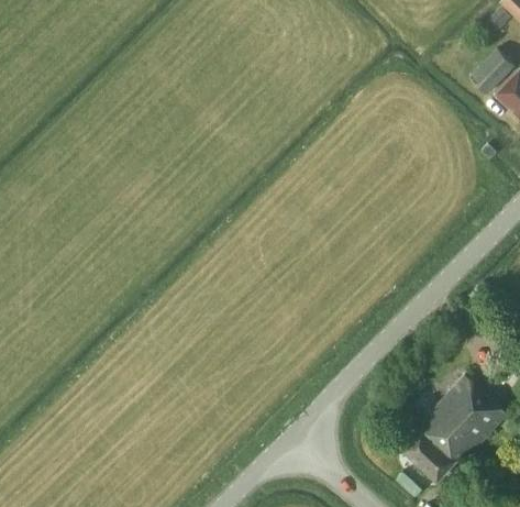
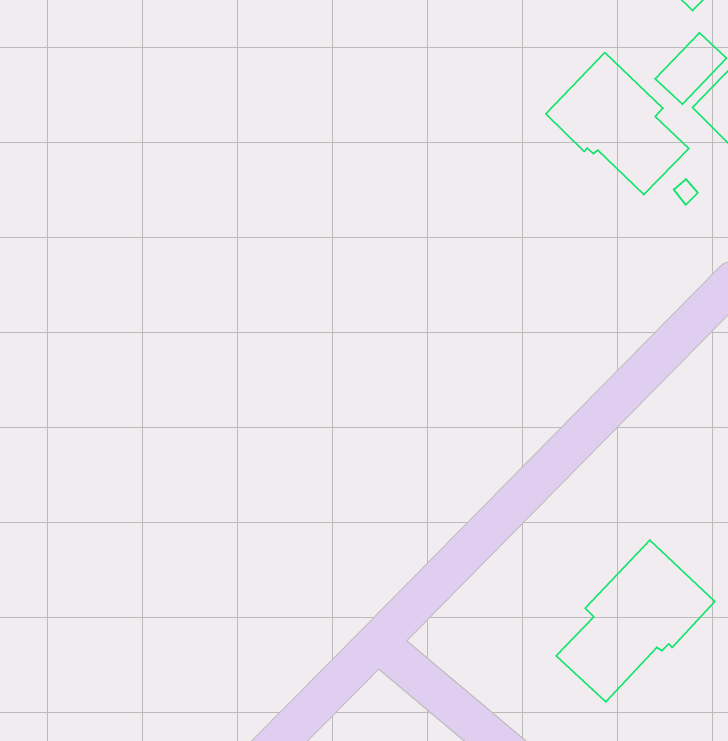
building: none -> [546,53,689,195]

